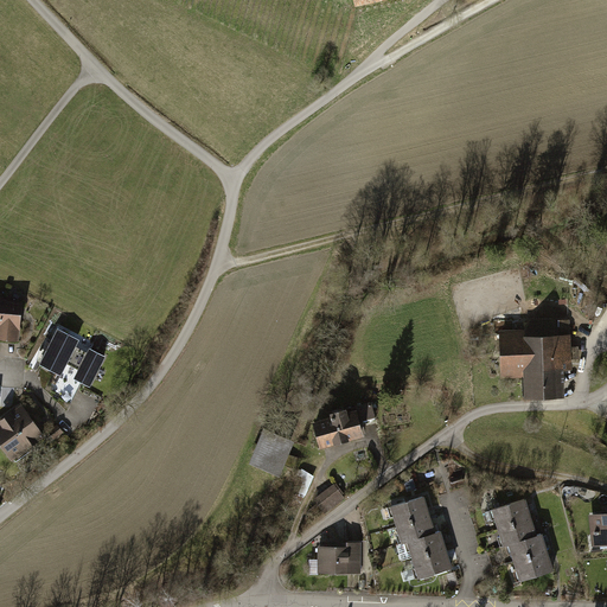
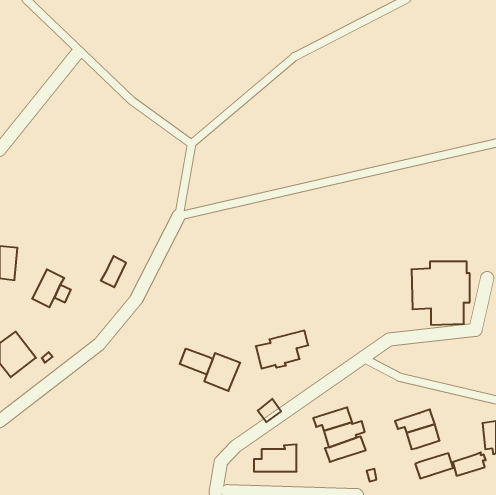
building: [74,349,104,386] -> [101,256,126,287]
building: none -> [180,349,213,374]
building: [507,535,548,563] -> [453,452,486,476]
building: [411,549,456,579] -> none

